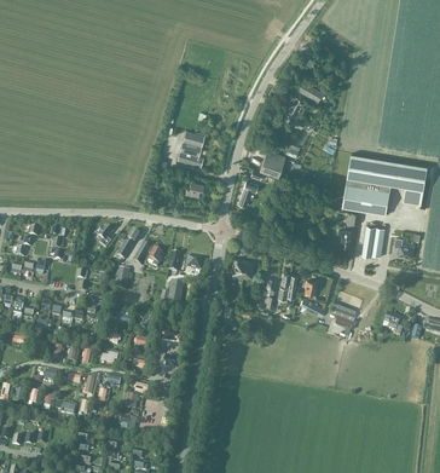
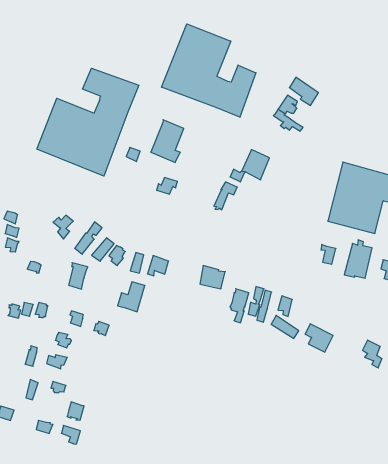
building: none -> [162,24,256,117]
building: none -> [37,68,139,176]

